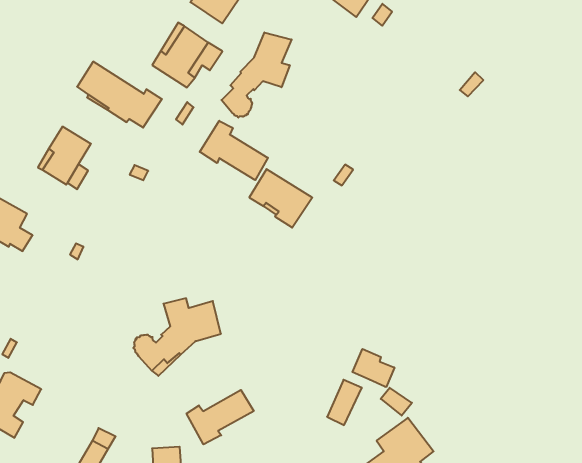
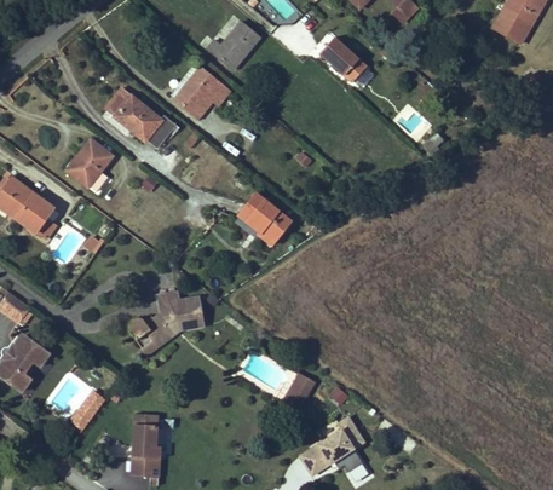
building: [221,32,292,118] -> none
building: [200,121,268,180] -> none
building: [352,349,394,387] -> none
building: [187,390,254,444] -> none

